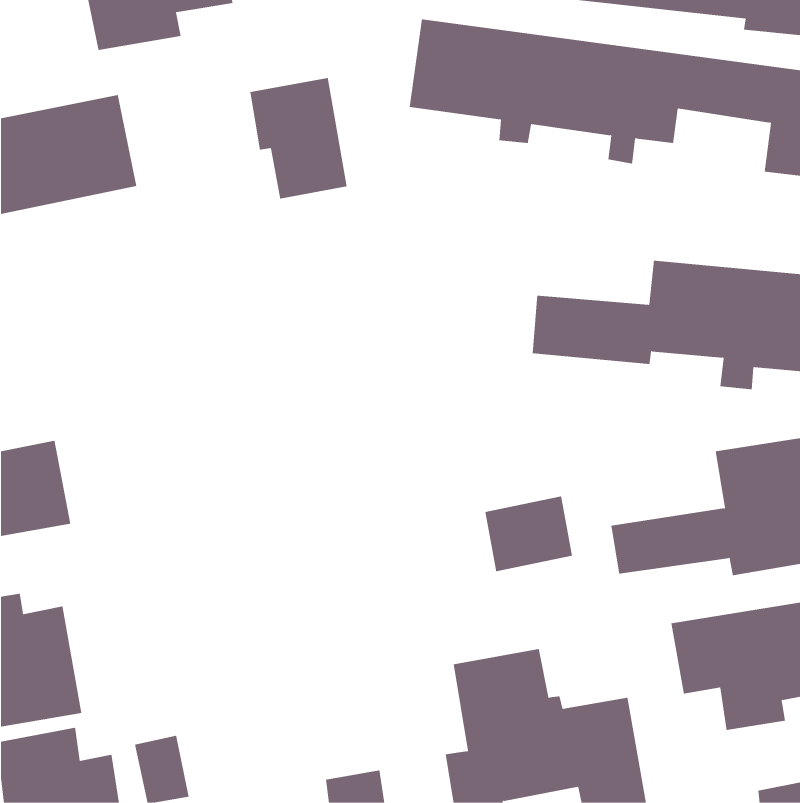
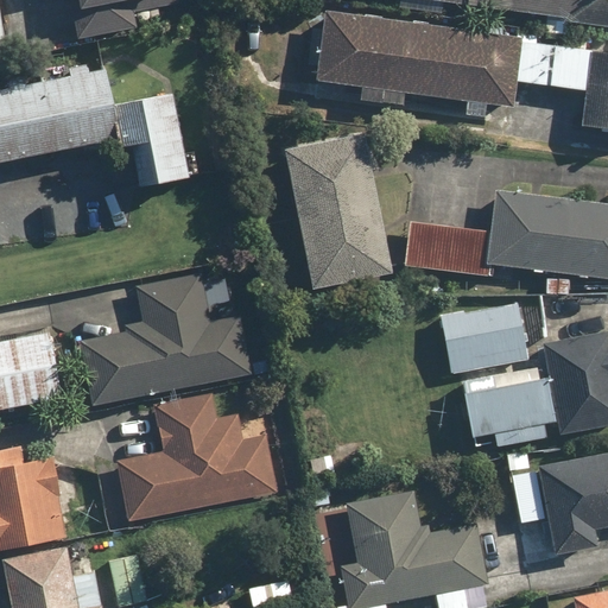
building: [250,78,347,199] -> [112,97,185,189]
building: none -> [281,133,392,291]
building: none -> [76,270,253,405]
building: [485,496,573,572] -> [461,304,527,361]
building: none -> [118,394,276,519]

